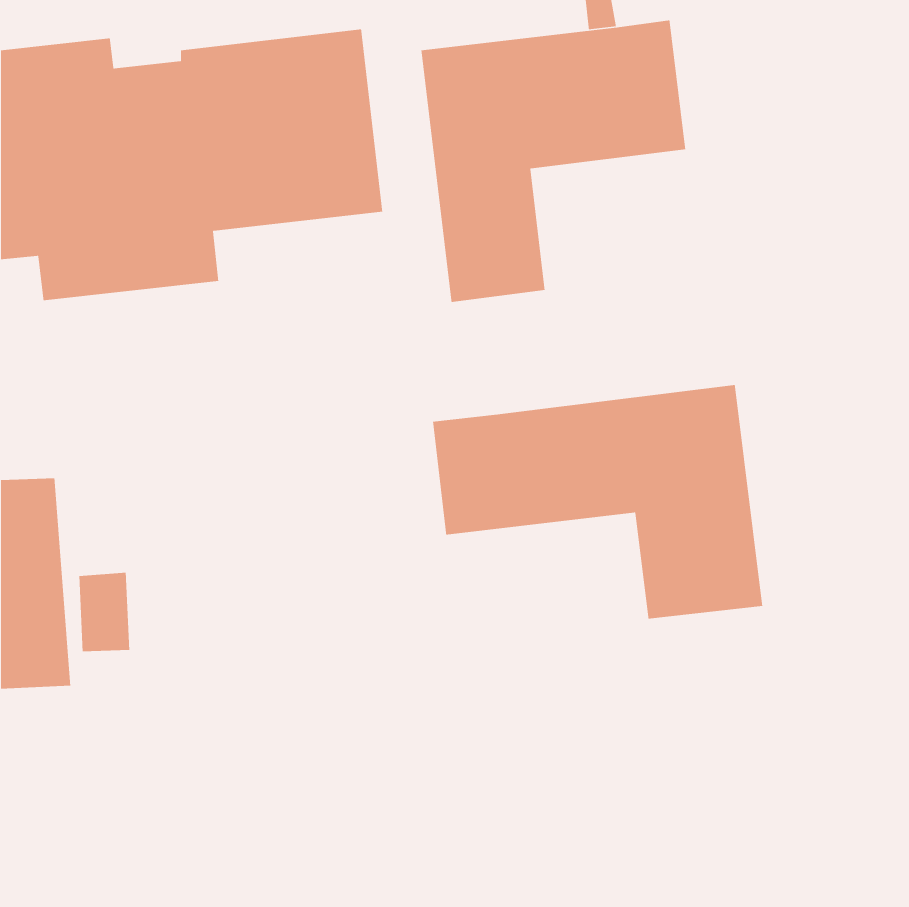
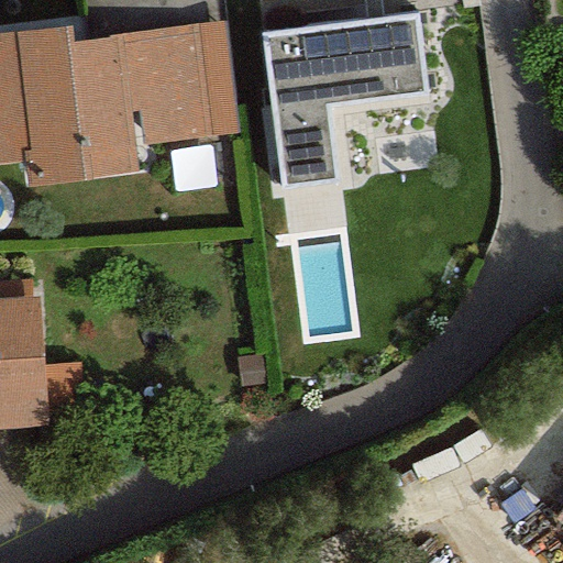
building: [432,384,763,620] -> none

